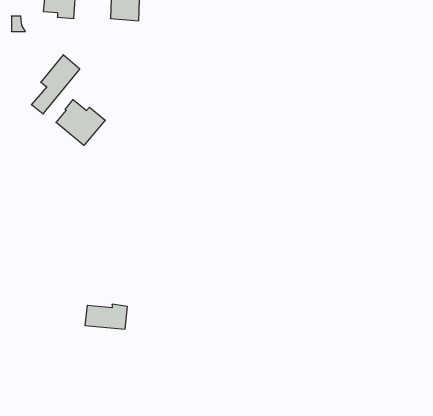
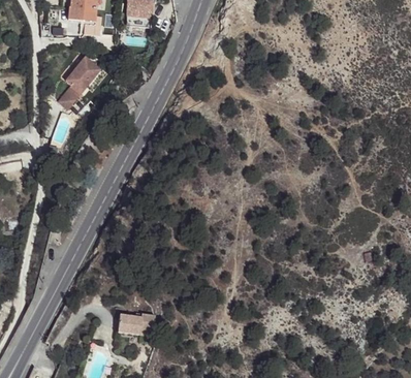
building: [56,100,105,145] -> none
building: [85,304,127,329] -> [118,313,155,335]

